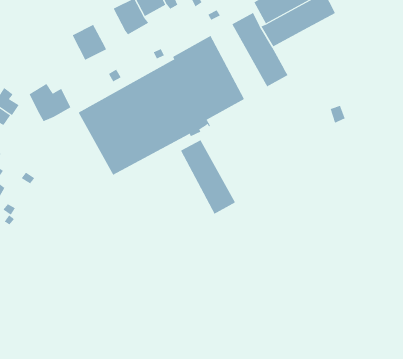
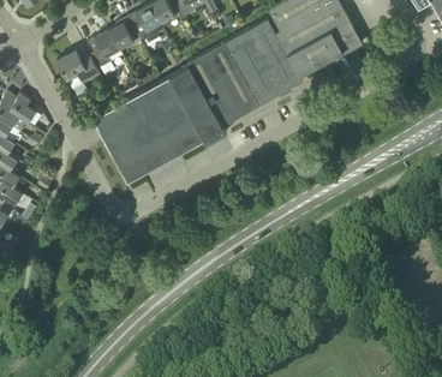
building: none -> [109,14,141,48]
building: none -> [287,19,363,74]
building: [29,83,71,122] -> [58,49,100,88]
building: [180,140,236,215] -> [226,30,281,104]

